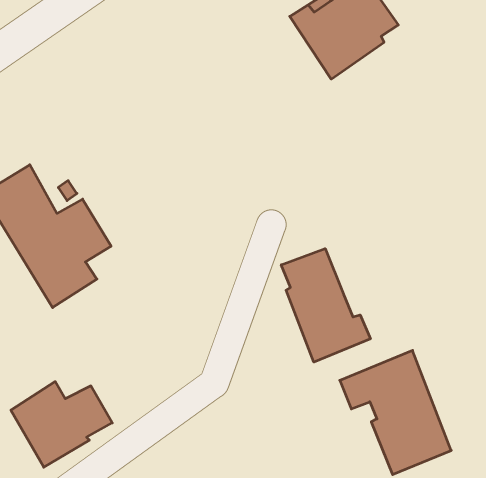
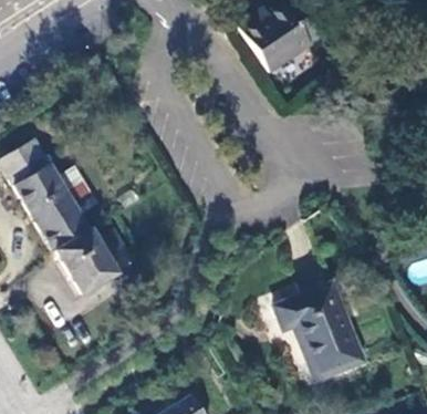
building: [281,249,370,362] -> none
building: [11,382,112,467] -> [54,230,133,297]

